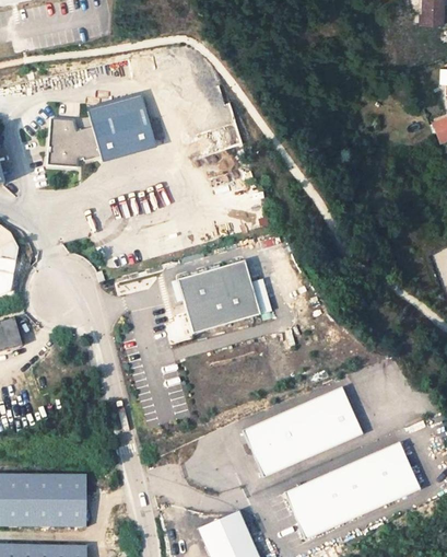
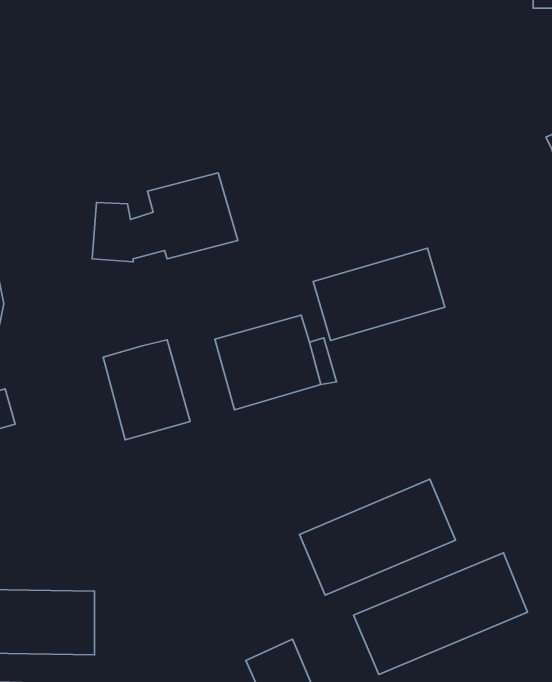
building: [46,95,158,164] -> [92,173,238,262]
building: none -> [313,248,445,340]
building: none -> [103,340,190,440]

